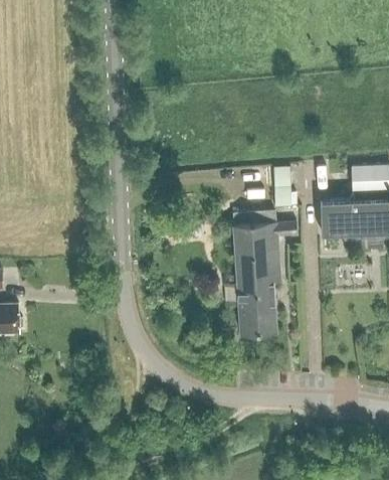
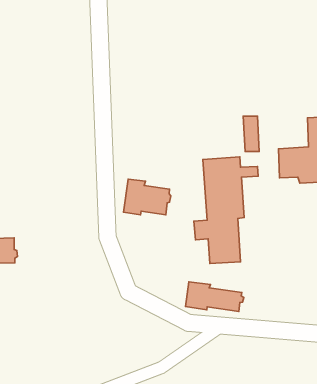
building: none -> [124,179,171,215]
building: none -> [185,282,244,311]

